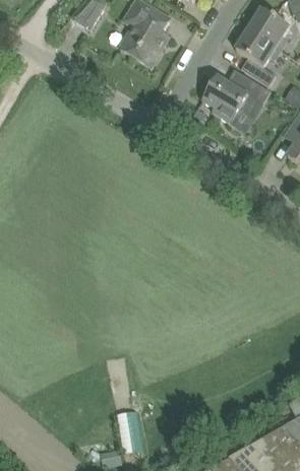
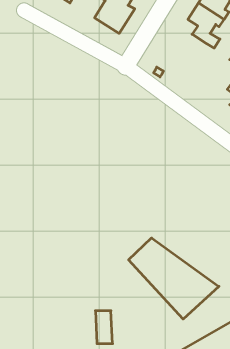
building: [201,73,271,122] -> none
building: none -> [129,238,219,319]

